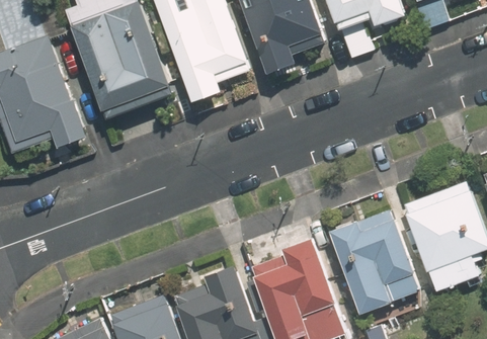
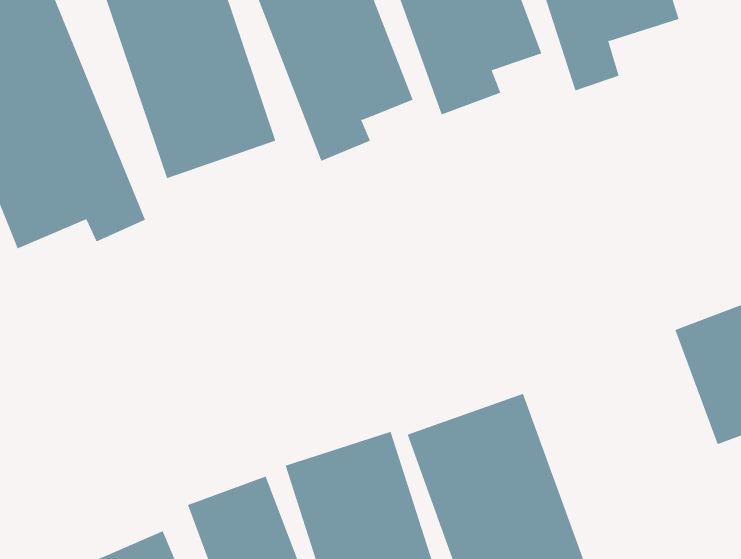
building: [327,211,419,313] -> none

